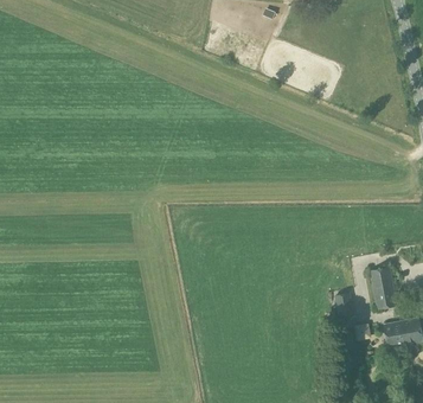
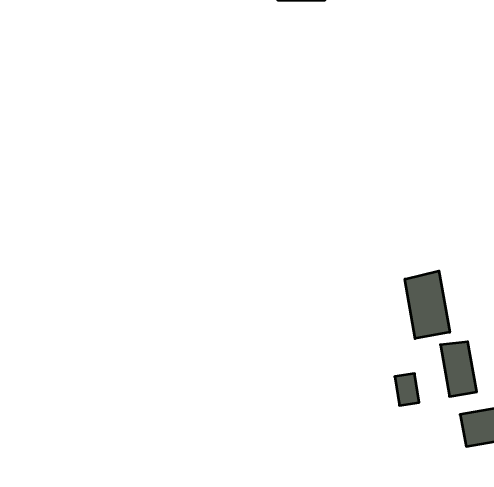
building: none -> [405,271,450,339]

